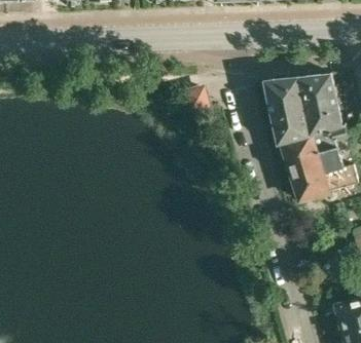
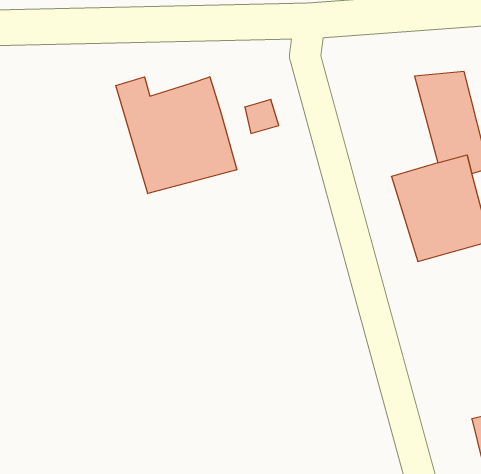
building: [265,76,314,144] -> none
building: none -> [116,77,237,194]

